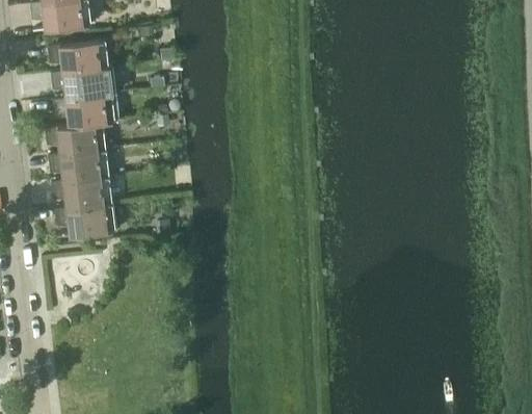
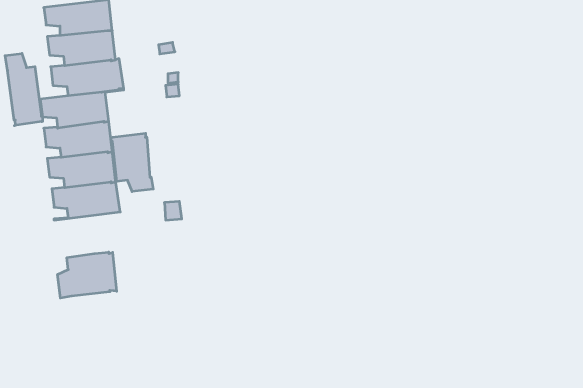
building: none -> [5,53,43,126]
building: none -> [111,133,153,192]
building: none -> [58,252,117,298]

